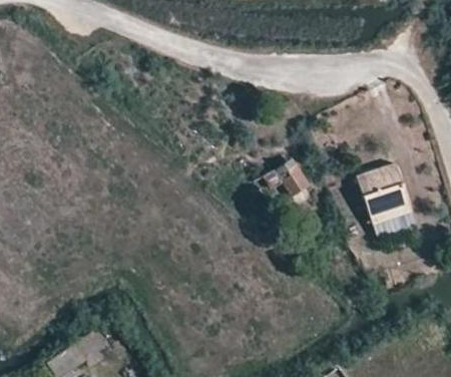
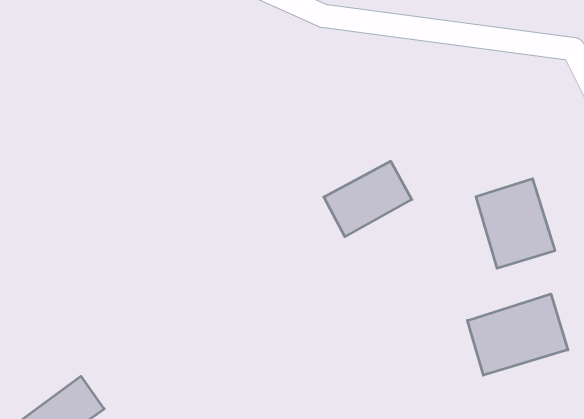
building: none -> [467,294,568,375]

